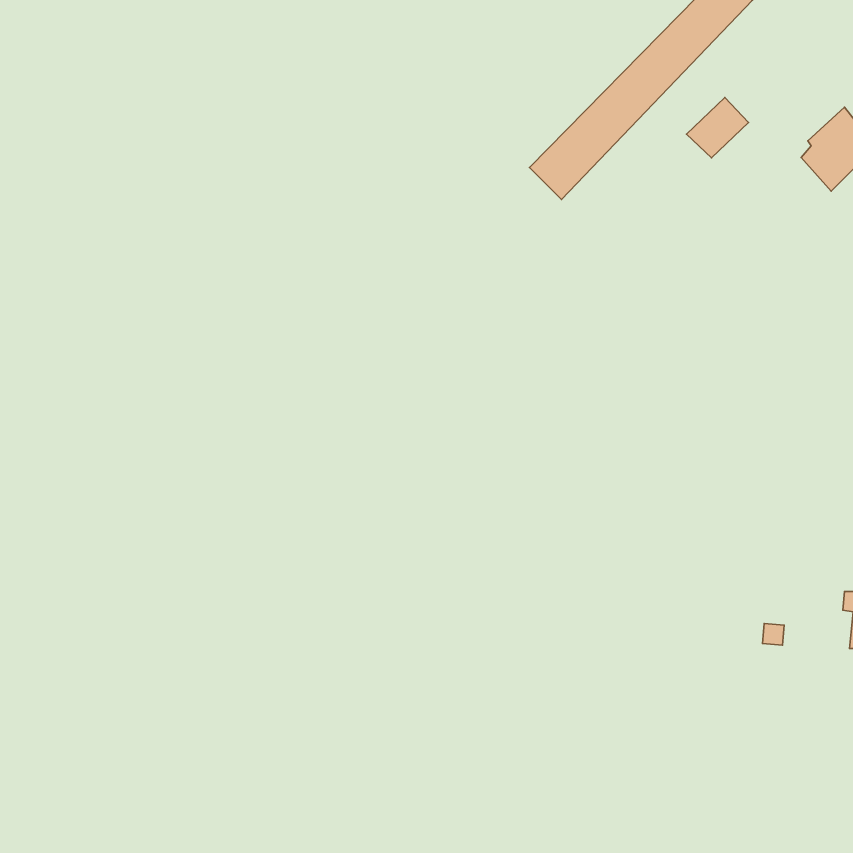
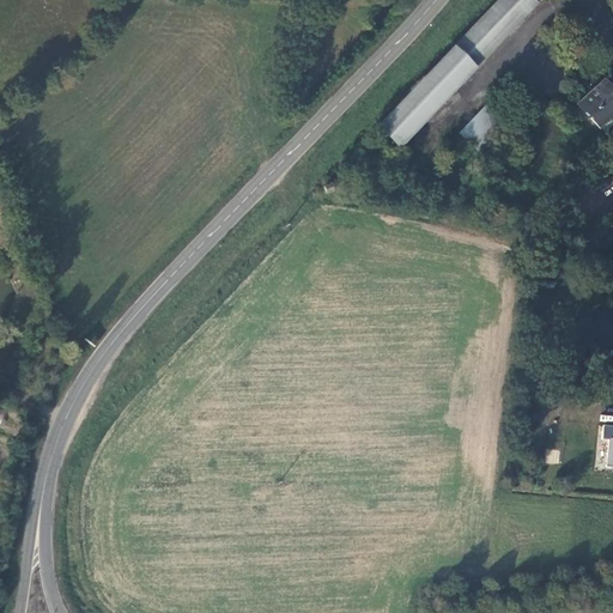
building: [686,97,748,158] -> [461,103,505,146]

